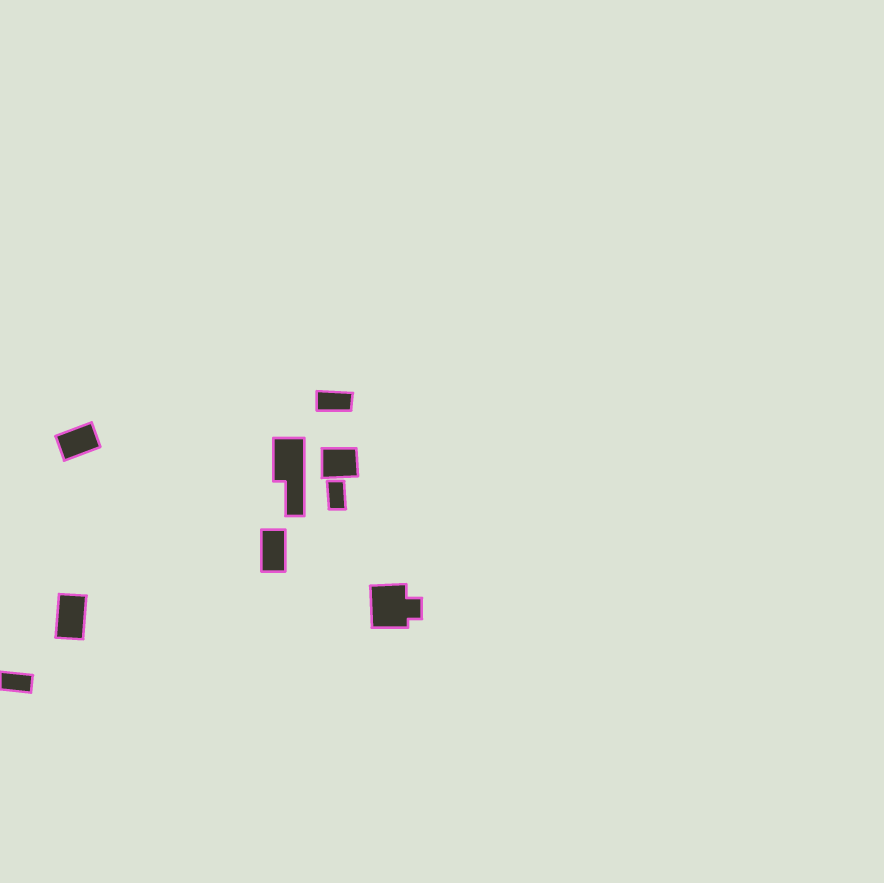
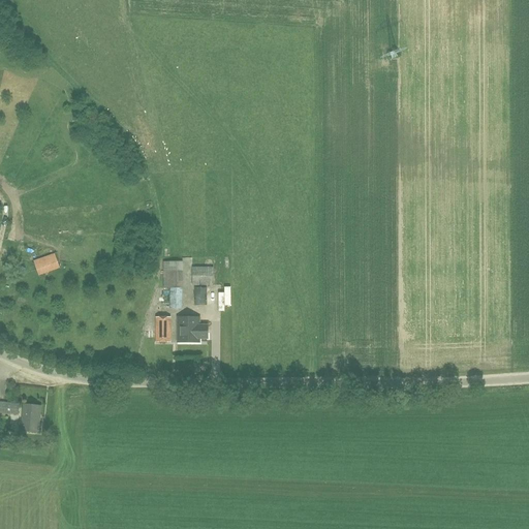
building: [370,584,422,628] -> [177,316,208,342]
building: [55,594,87,639] -> [22,404,40,431]

